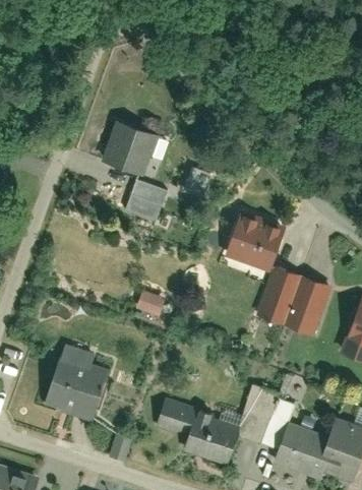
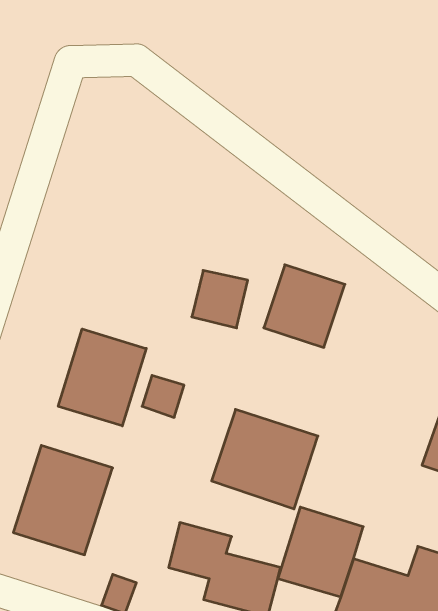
building: [101,119,160,180] -> none
building: [123,182,164,224] -> [192,270,248,328]
building: none -> [58,329,146,426]
building: [257,267,335,340] -> [212,409,318,509]

